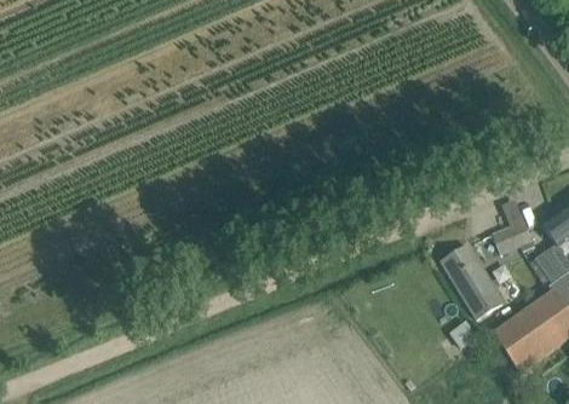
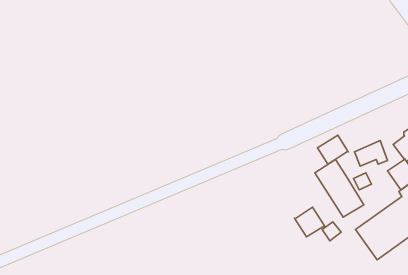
building: none -> [317,135,348,164]
building: none -> [294,207,325,237]

